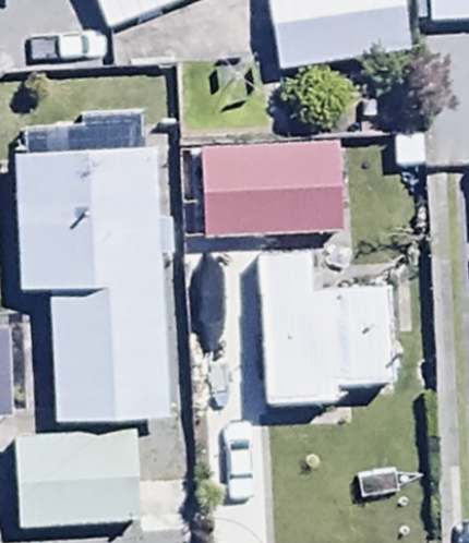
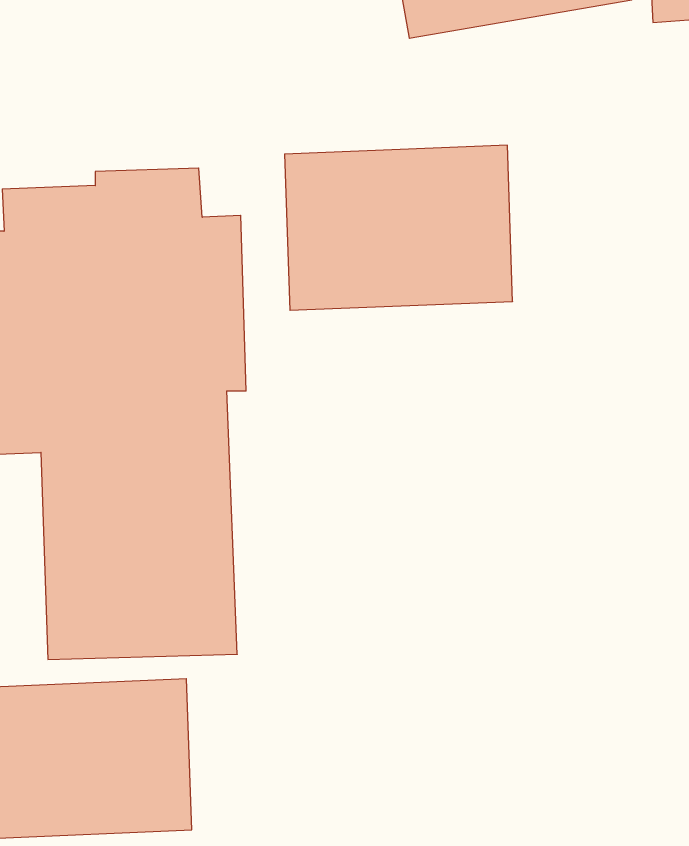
building: [257,253,400,405] -> none

